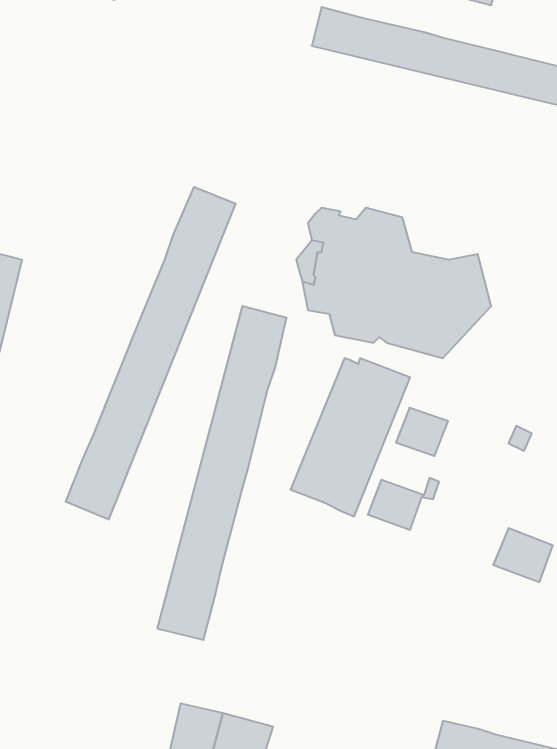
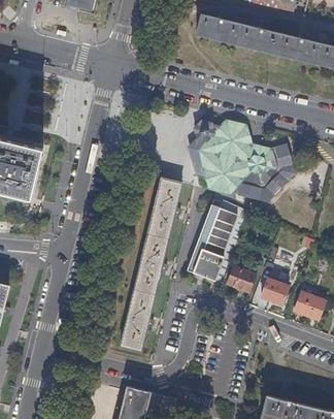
building: [66,187,236,520] -> none
building: [396,408,448,456] -> [262,280,290,305]

